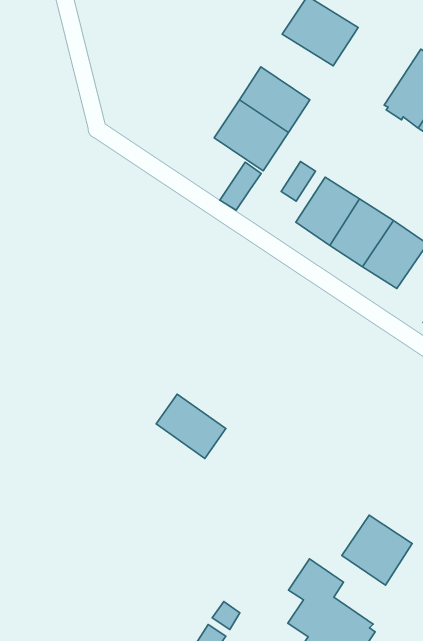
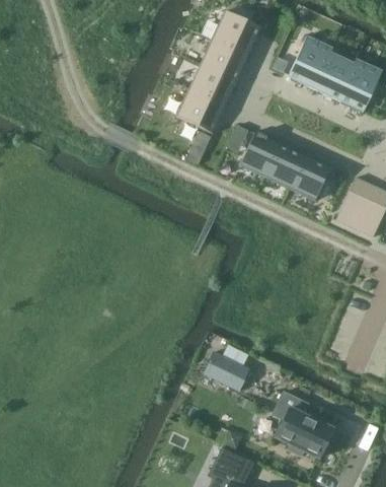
building: none -> [201,39,249,80]
building: [156,394,226,458] -> [202,349,249,390]
building: [342,515,412,585] -> none

